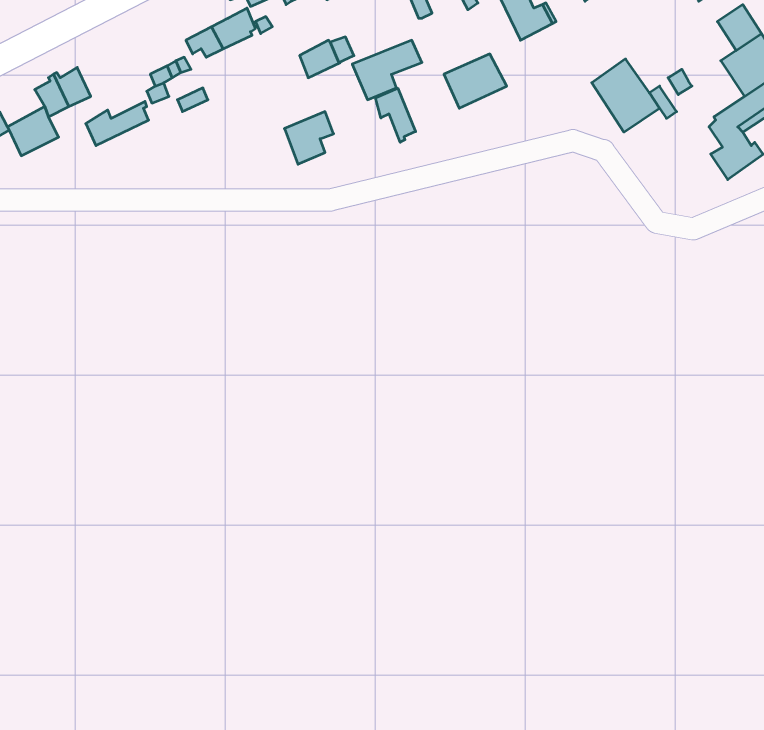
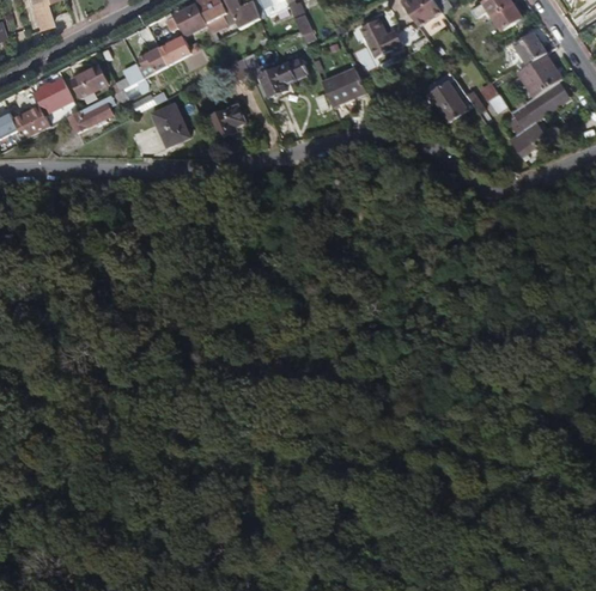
building: none -> [72,63,108,95]
building: [375,88,416,142] -> none
building: none -> [152,103,189,146]

